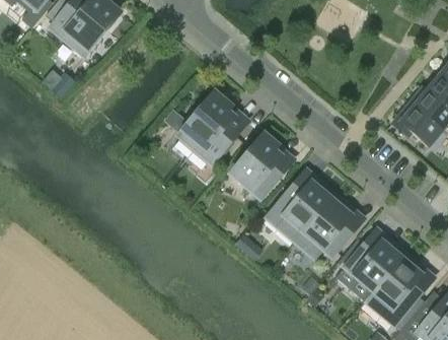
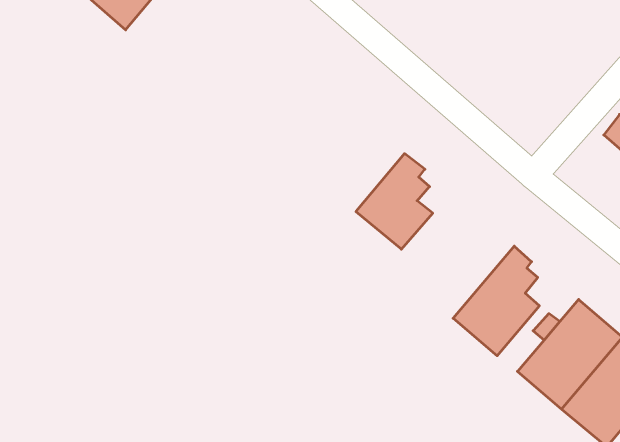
building: [179,91,243,161] -> none
building: [267,182,334,241] -> none

